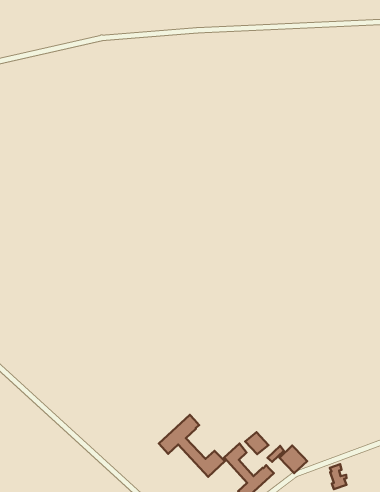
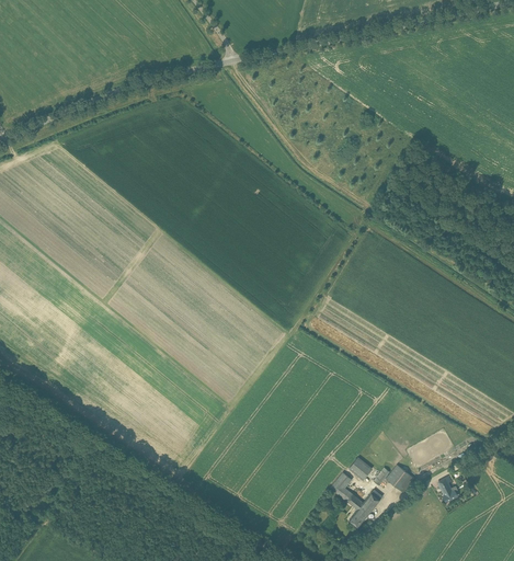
building: [159,415,225,477] -> none

